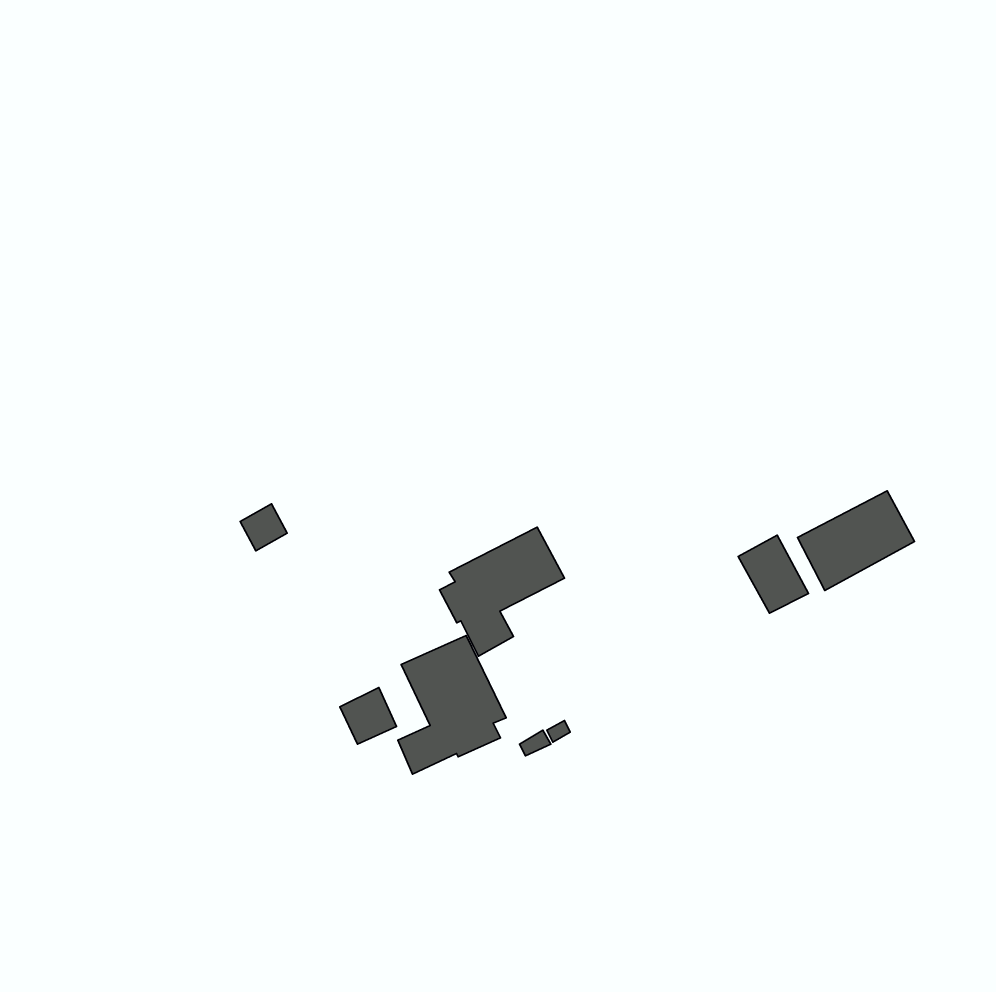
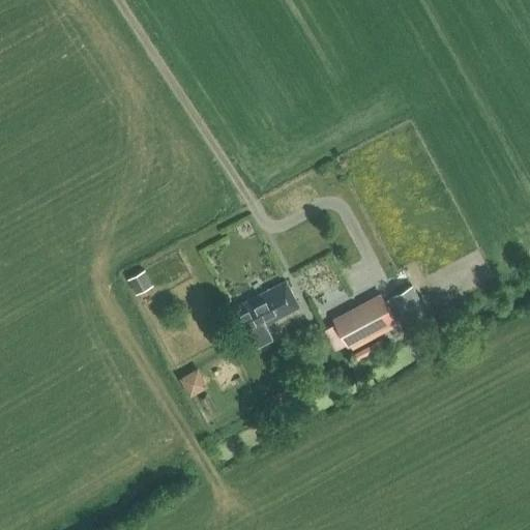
building: [797,491,915,590] -> [332,296,394,349]
building: [398,635,506,774] -> none

